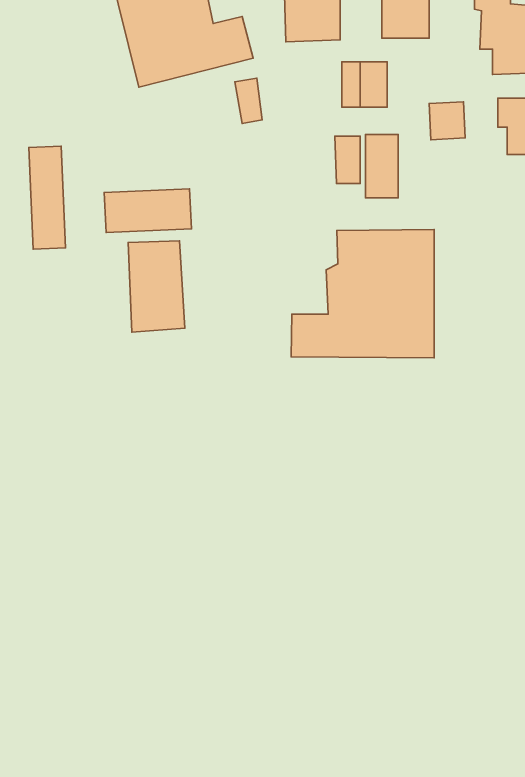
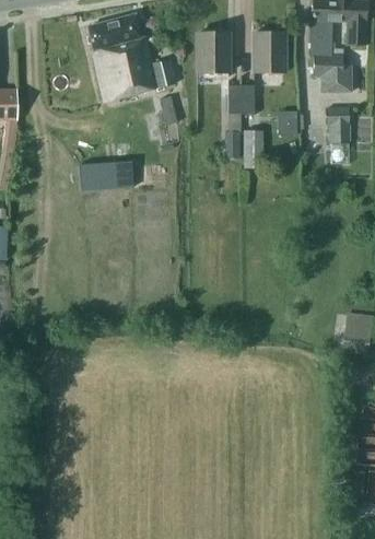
building: [29,146,66,249] -> none
building: [291,229,434,358] -> none
building: [128,241,185,332] -> none

